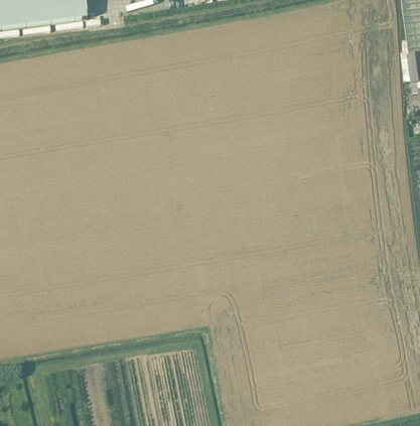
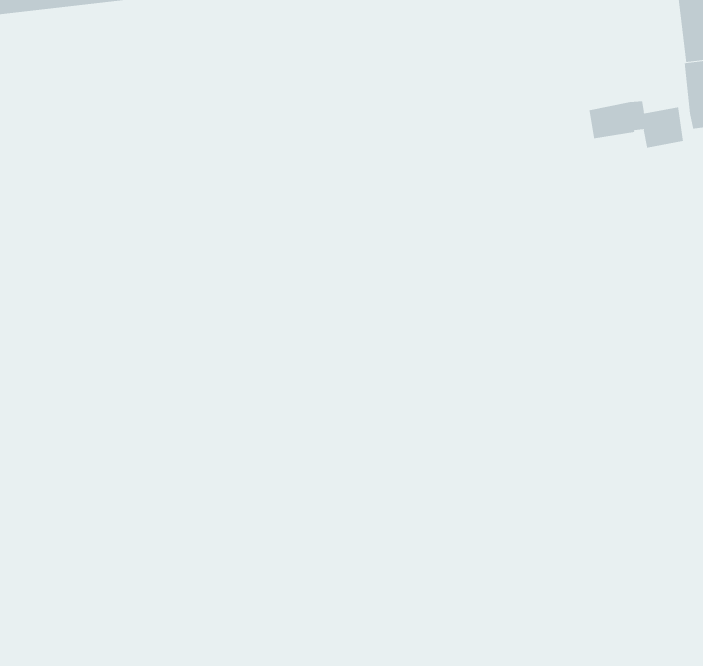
building: none -> [589,101,684,149]

